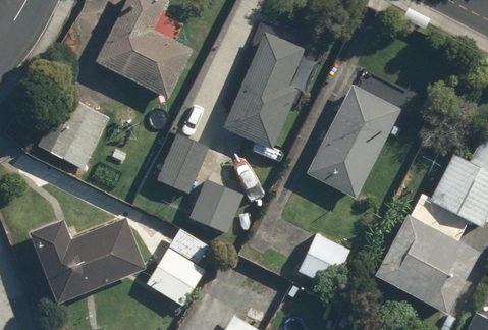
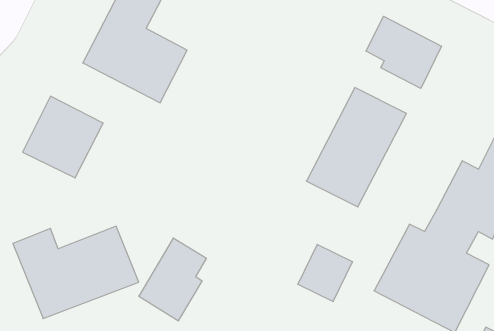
building: none -> [366,16,442,88]
building: [223,33,305,150] -> none
building: [157,133,211,195] -> none
building: [189,178,243,233] -> none

